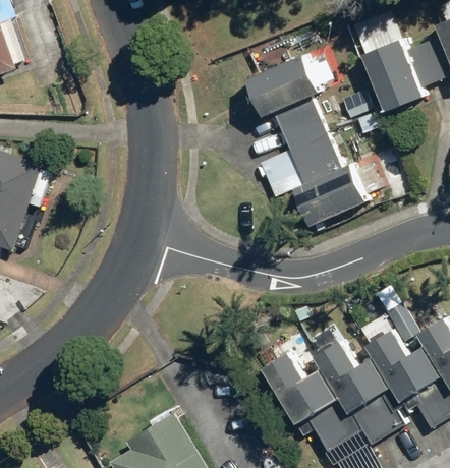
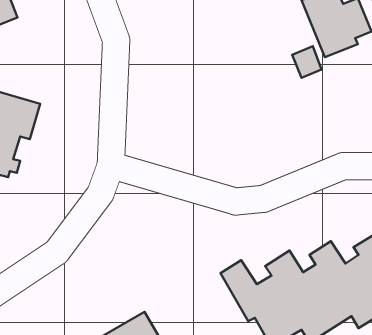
building: [242,51,331,119] -> none
building: [256,116,382,227] -> none

